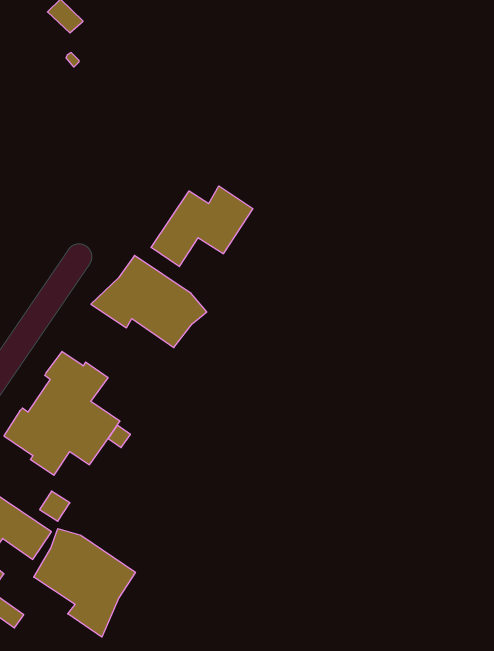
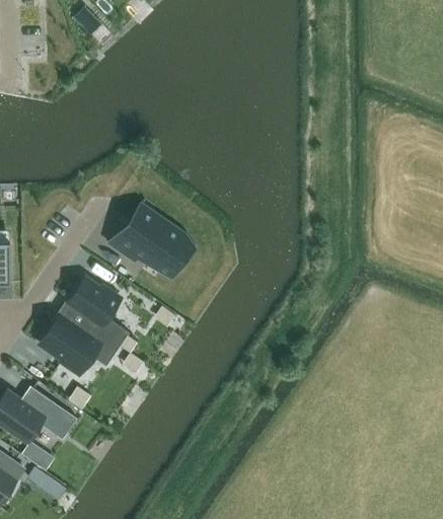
building: [151,186,253,267] -> none
building: [34,529,135,637] -> none

